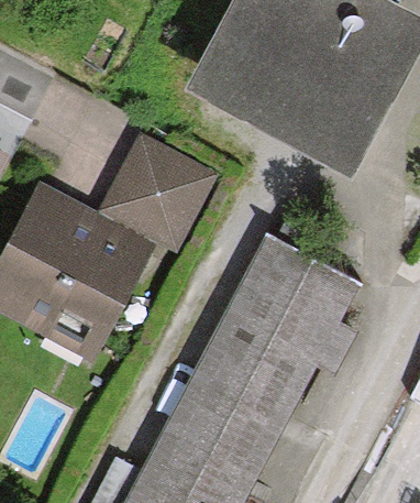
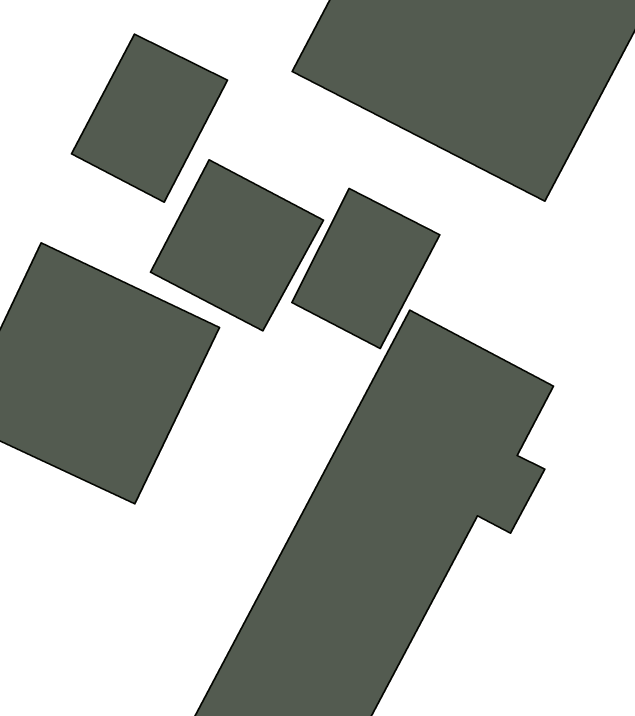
building: none -> [72,34,227,202]
building: none -> [292,188,440,349]

